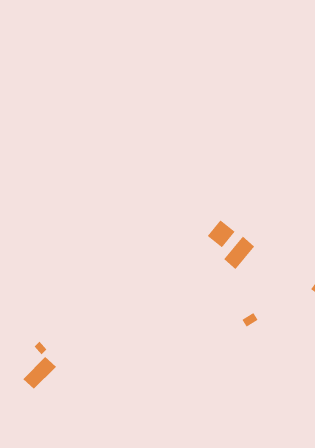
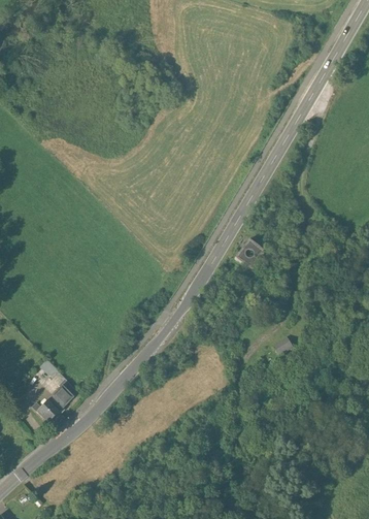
building: [224,236,255,270] -> none

